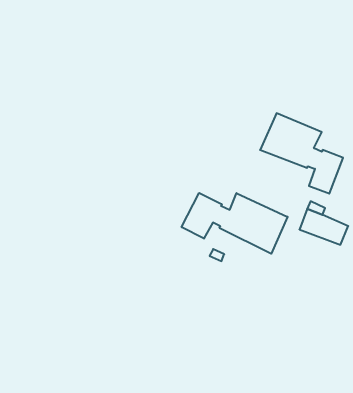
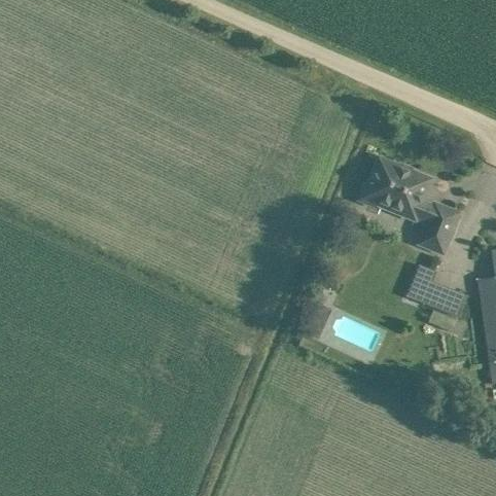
building: [182,193,288,254] -> none

